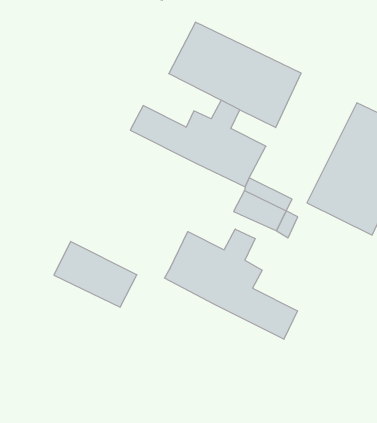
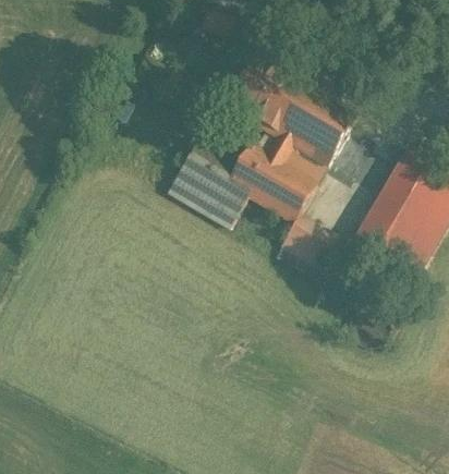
building: [165,229,298,339] -> none
building: [54,241,137,307] -> [168,160,248,228]

